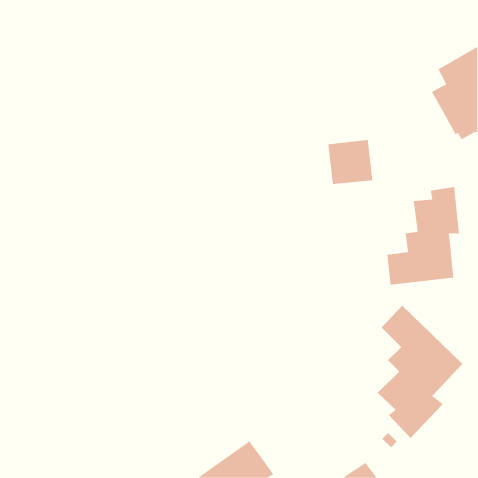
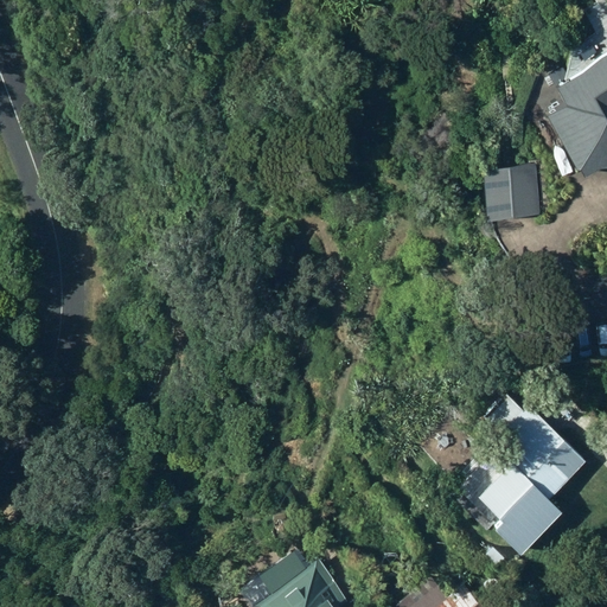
building: [327,139,373,184] -> [481,162,539,219]
building: [387,186,459,285] -> none

